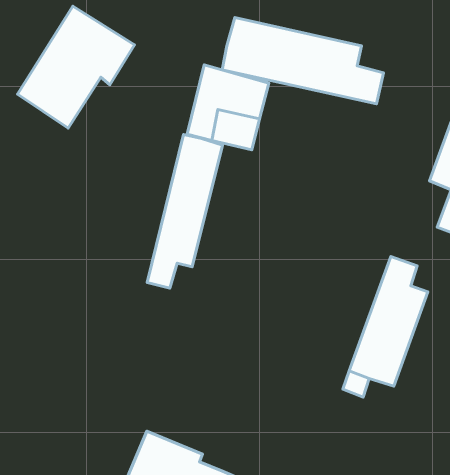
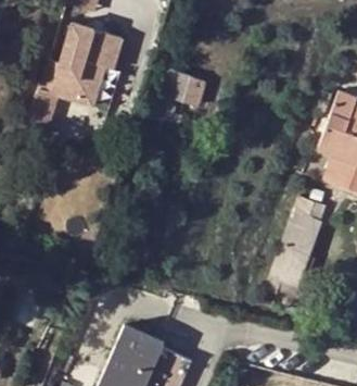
building: [222,18,384,104] -> none
building: [147,135,222,288] -> none

